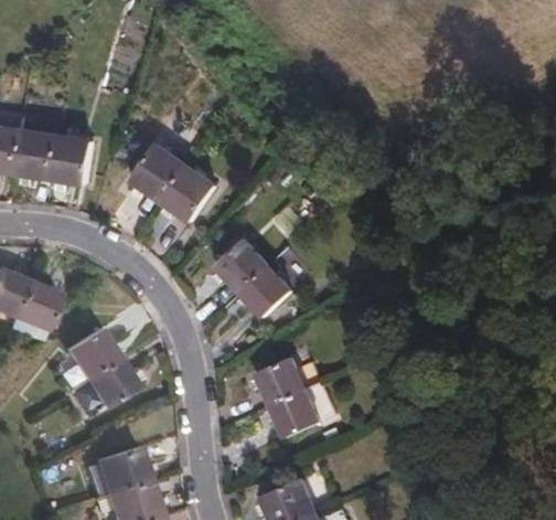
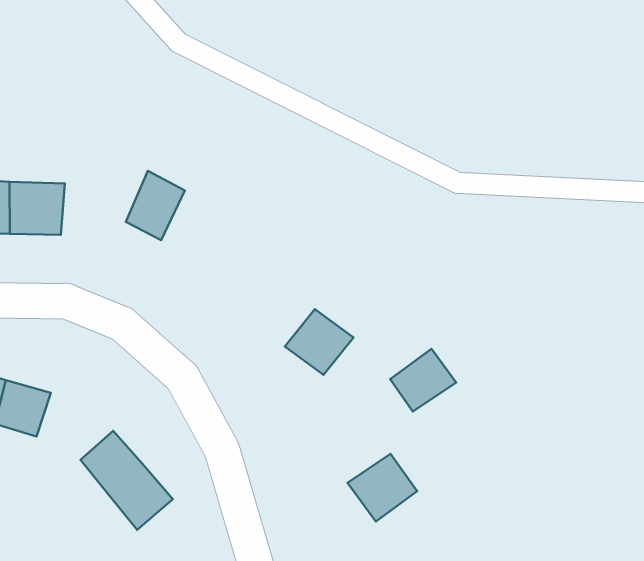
building: [158,163,212,220] -> none
building: [214,241,264,290] -> none
building: [255,354,303,399] -> [390,349,456,411]

